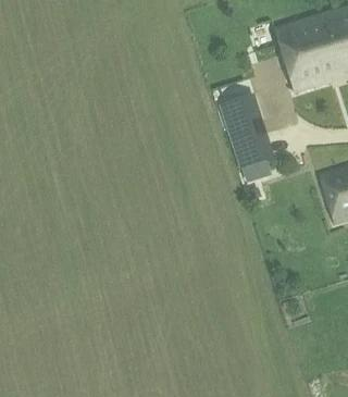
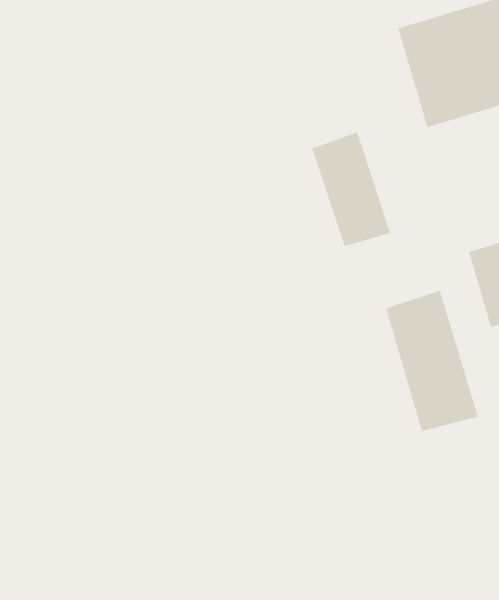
building: none -> [385,290,478,432]

